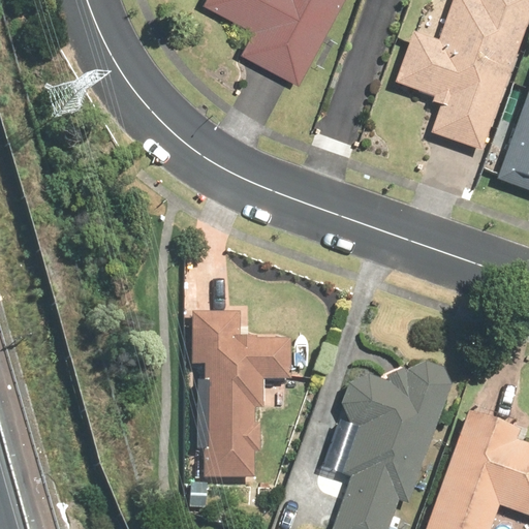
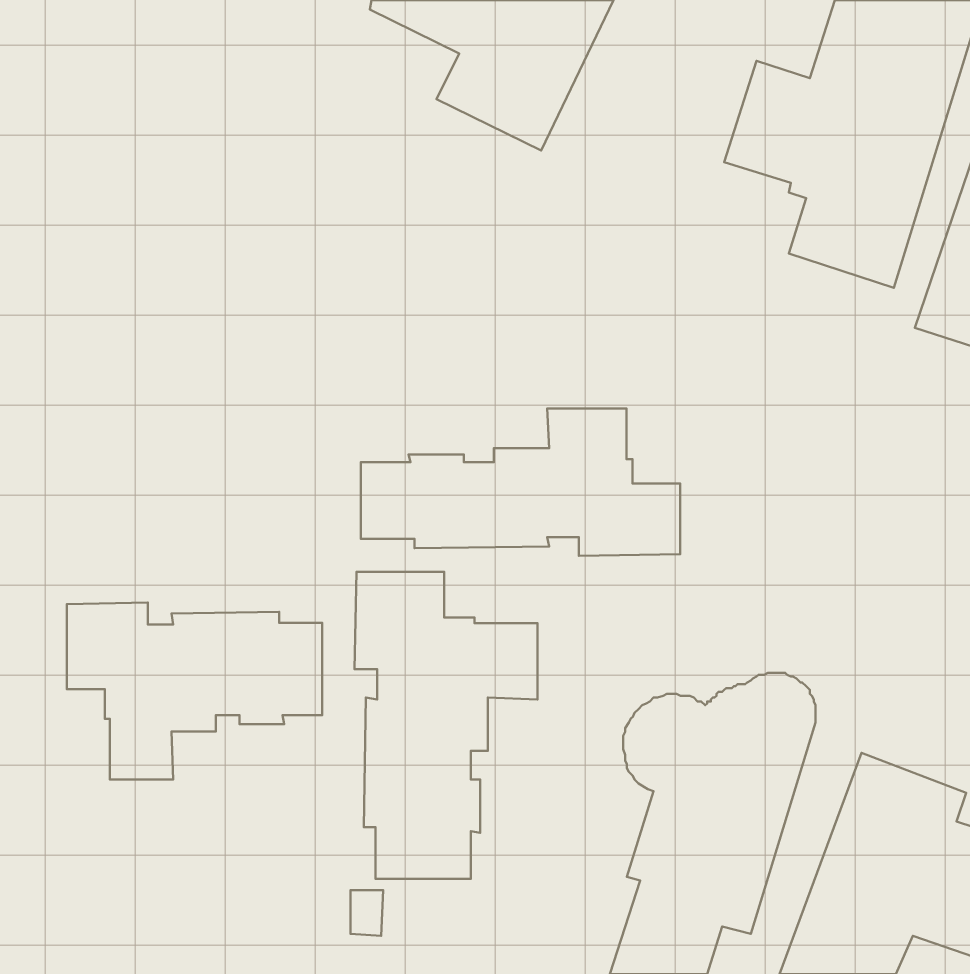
building: none -> [361,408,680,556]
building: none -> [67,602,322,780]

